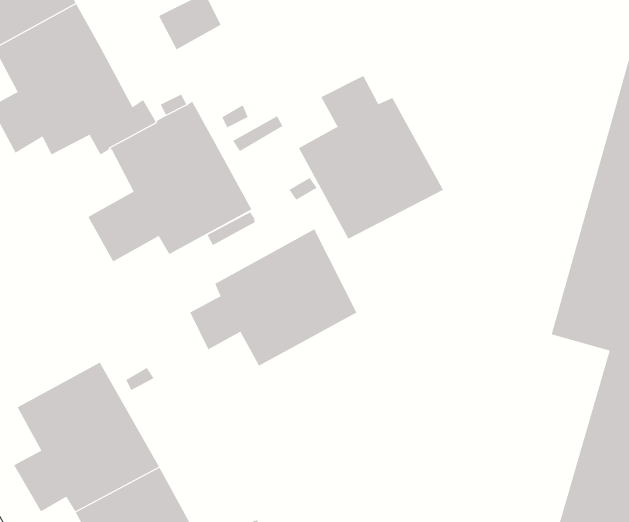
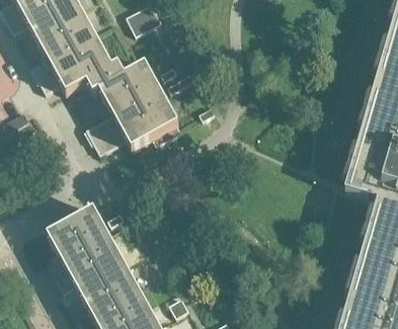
building: [298,75,444,239] -> none
building: [189,228,357,367] -> none

